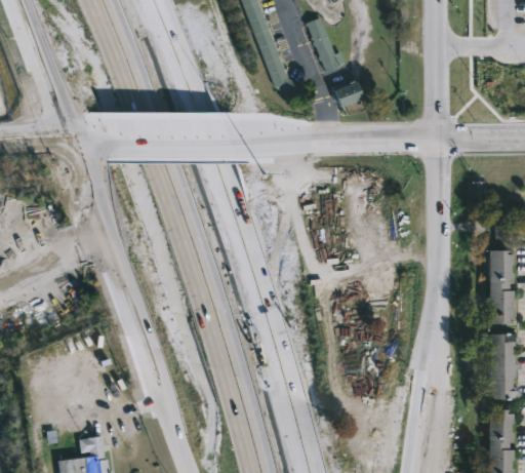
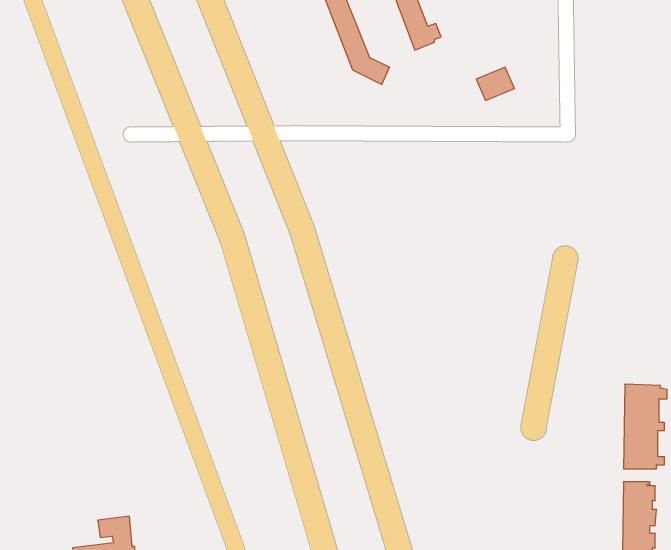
building: [335,83,365,109] -> [476,67,515,100]
building: [490,251,515,325] -> none

